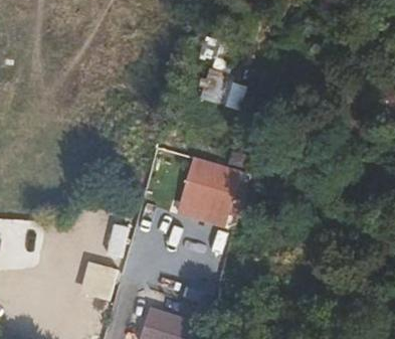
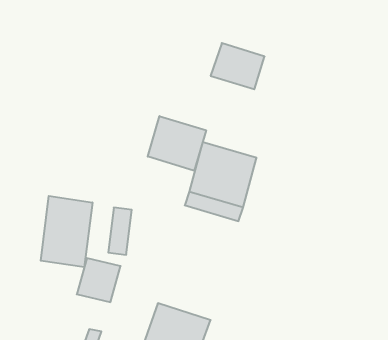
building: none -> [148,116,206,171]
building: none -> [41,196,92,267]

